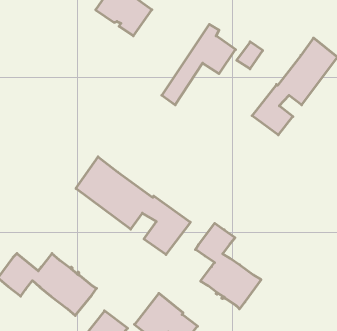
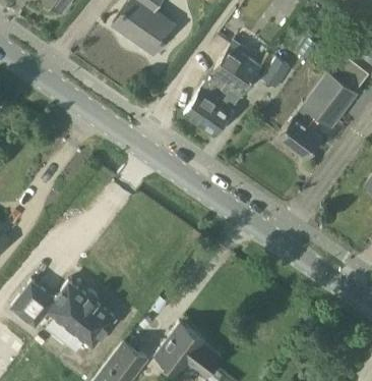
building: none -> [198,81,244,135]
building: [76,157,190,255] -> none
building: [195,223,261,309] -> none

